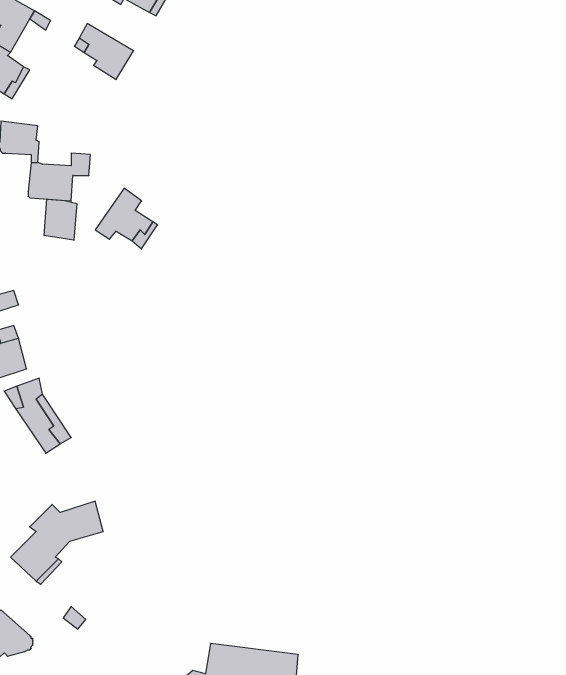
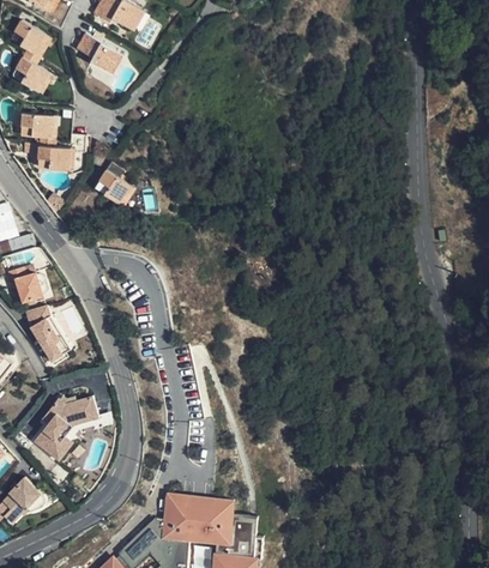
building: [44,199,77,240] -> none

